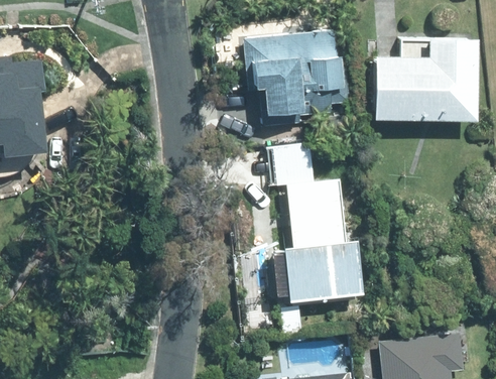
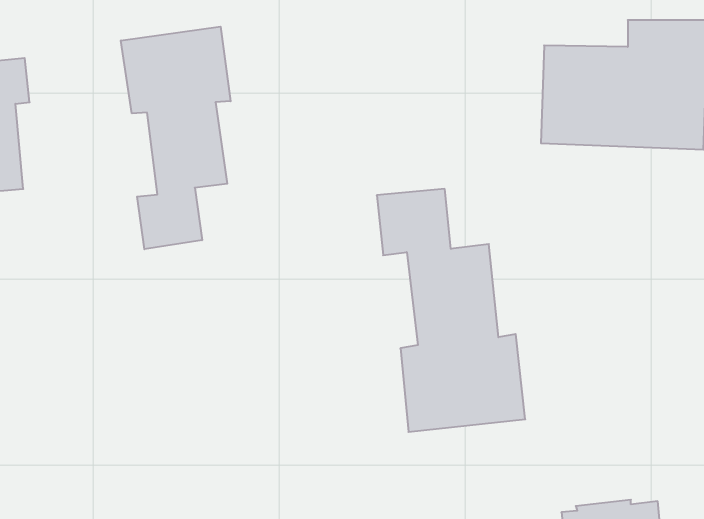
building: [240,32,351,129] -> none
building: none -> [121,27,231,249]

